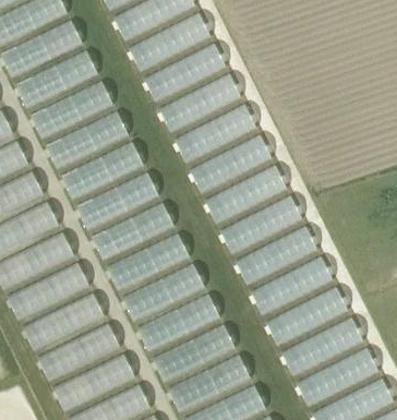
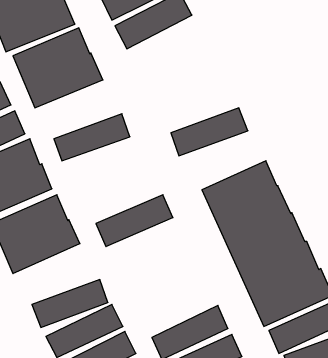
building: [142,44,227,103] -> none
building: [157,75,256,163] -> none
building: [45,111,128,170] -> none
building: [203,165,287,225] -> none
building: [75,173,158,229] -> none
building: [91,205,173,259] -> none
building: [122,265,219,350] -> none
building: [21,293,104,350] -> none
building: [152,325,234,382] -> none

